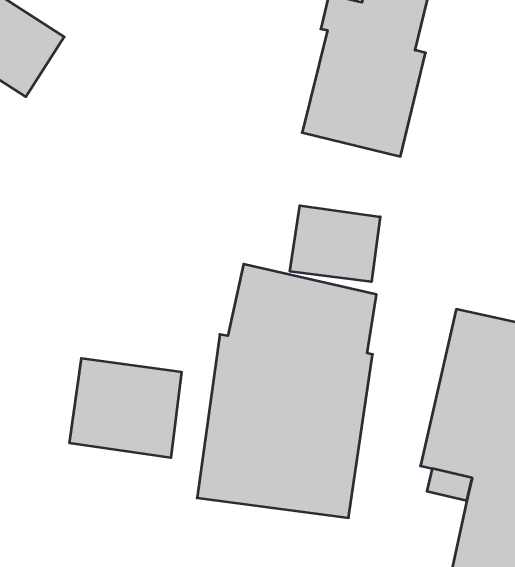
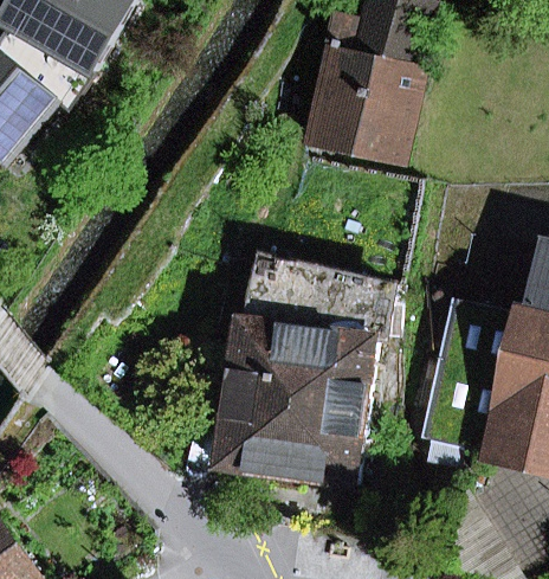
building: [290,206,380,282] -> none
building: [70,358,181,458] -> none

